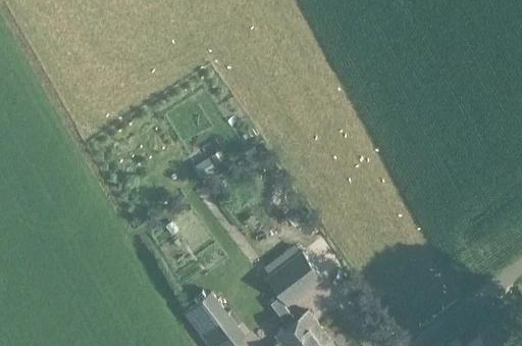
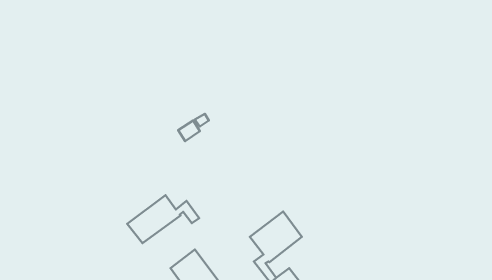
building: none -> [127,195,199,243]

